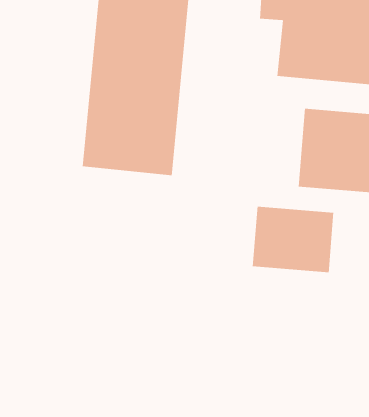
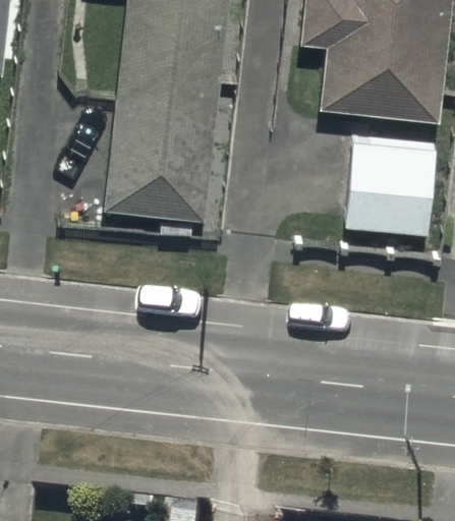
building: [252,206,334,273] -> none

